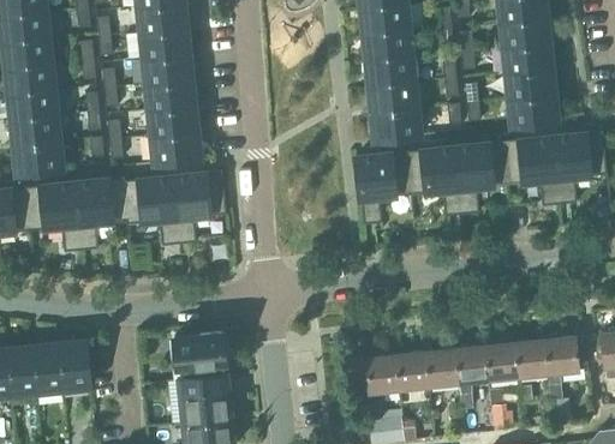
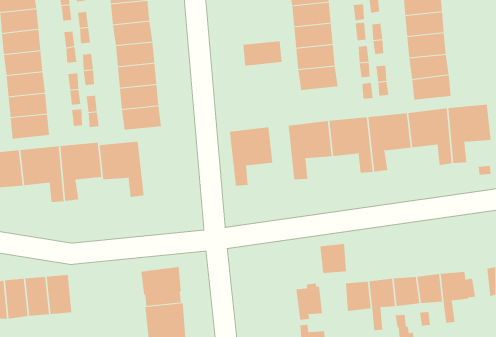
building: [371,108,420,139] -> [243,41,283,66]
building: [172,169,226,242] -> [229,127,273,186]
building: [395,350,429,388] -> [320,243,347,274]

